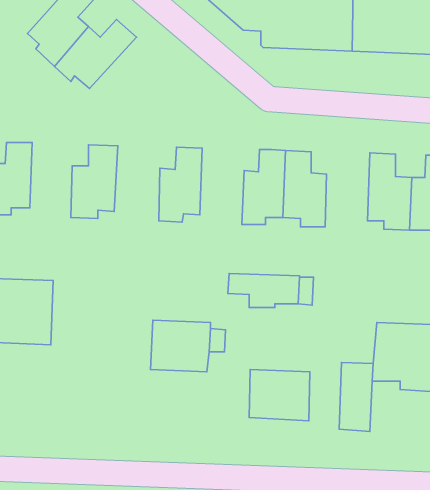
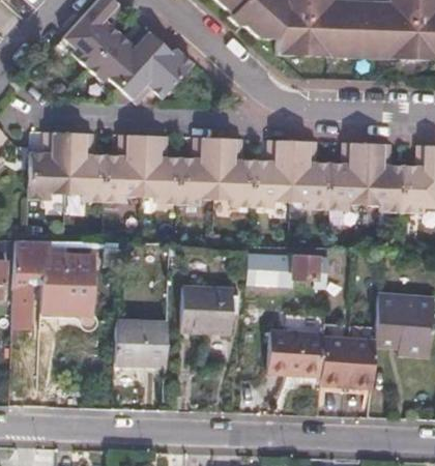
building: none -> [123,41,197,103]
building: none -> [70,135,108,201]
building: none -> [145,138,185,204]
building: none -> [221,140,260,207]
building: none -> [331,143,371,210]
building: none -> [109,324,164,368]
building: none -> [317,328,346,388]

